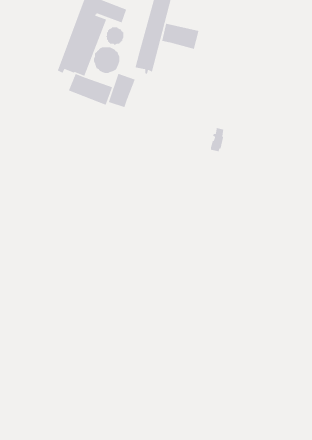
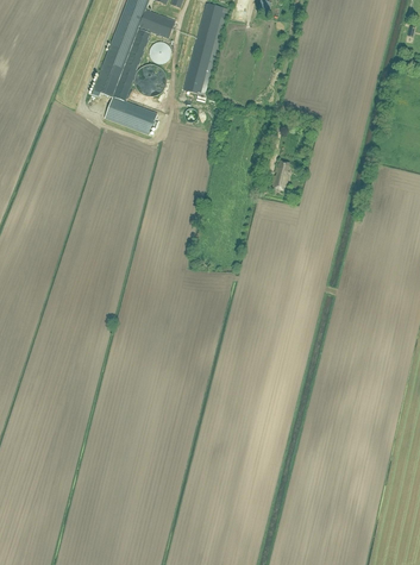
building: [161,23,200,50] -> none
building: [108,73,136,108] -> none

